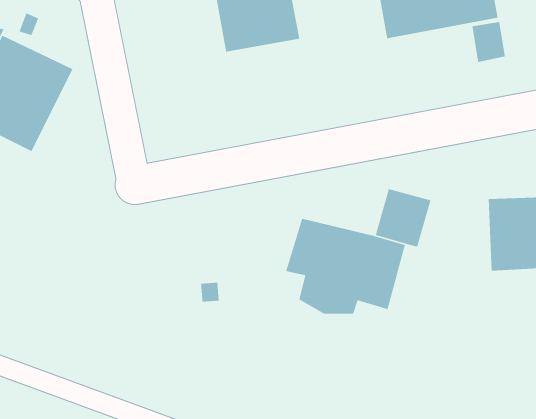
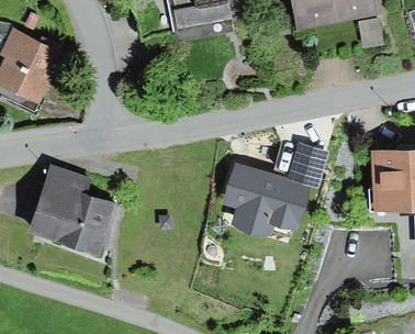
building: none -> [25,158,120,250]

